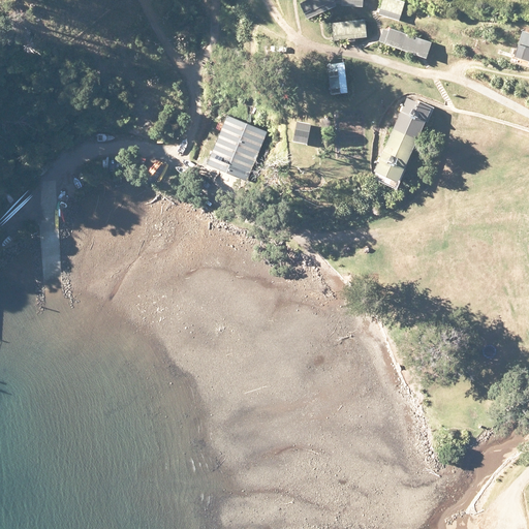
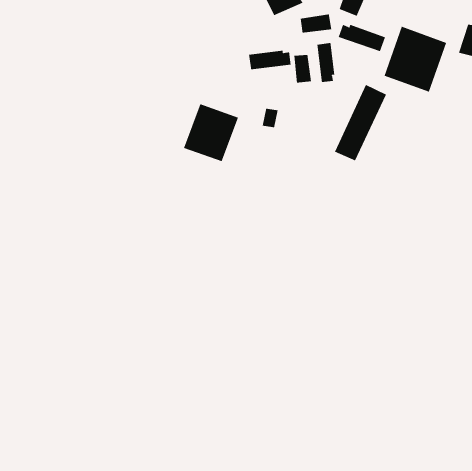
building: none -> [384,26,447,93]
building: none -> [317,42,335,83]
building: none -> [249,50,291,70]

